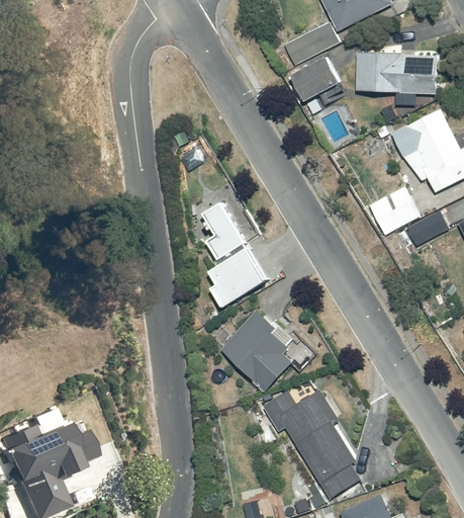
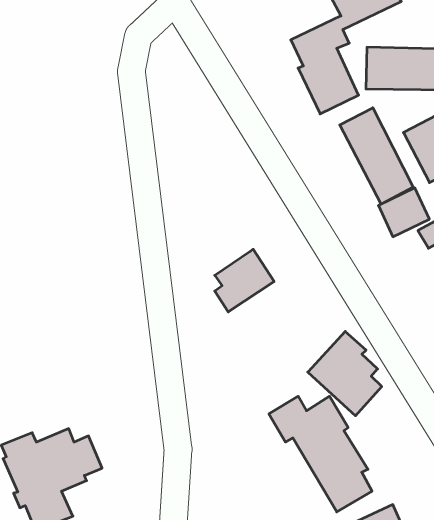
building: none -> [340,108,413,204]
building: [203,202,247,261] -> none
building: [220,310,292,392] -> [308,331,382,416]

